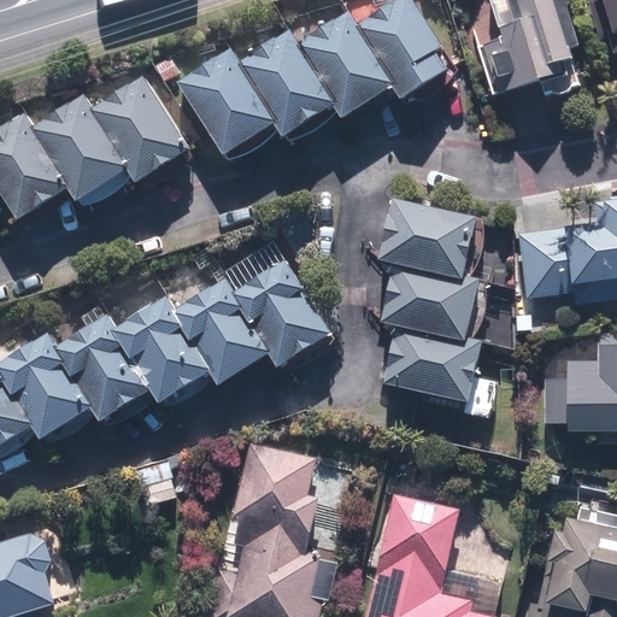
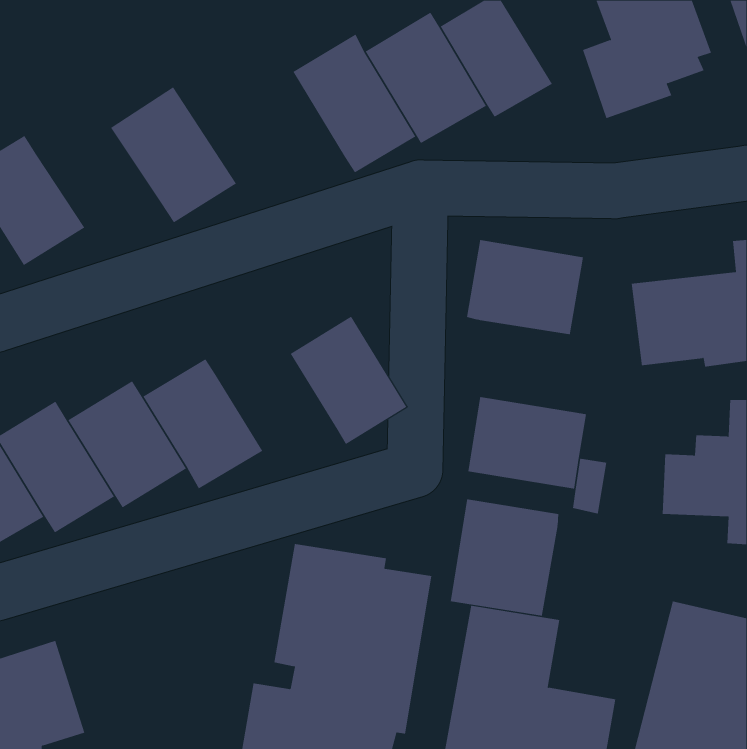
building: [178,51,282,164] -> none
building: [30,94,131,201] -> none
building: [381,264,486,340] -> none
building: [177,277,276,386] -> none
building: none -> [450,499,559,617]

